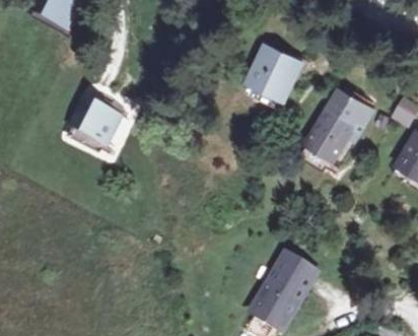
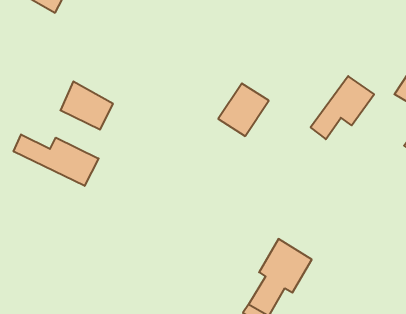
building: [255,41,302,90] -> [218,83,269,136]
building: none -> [14,134,99,186]

